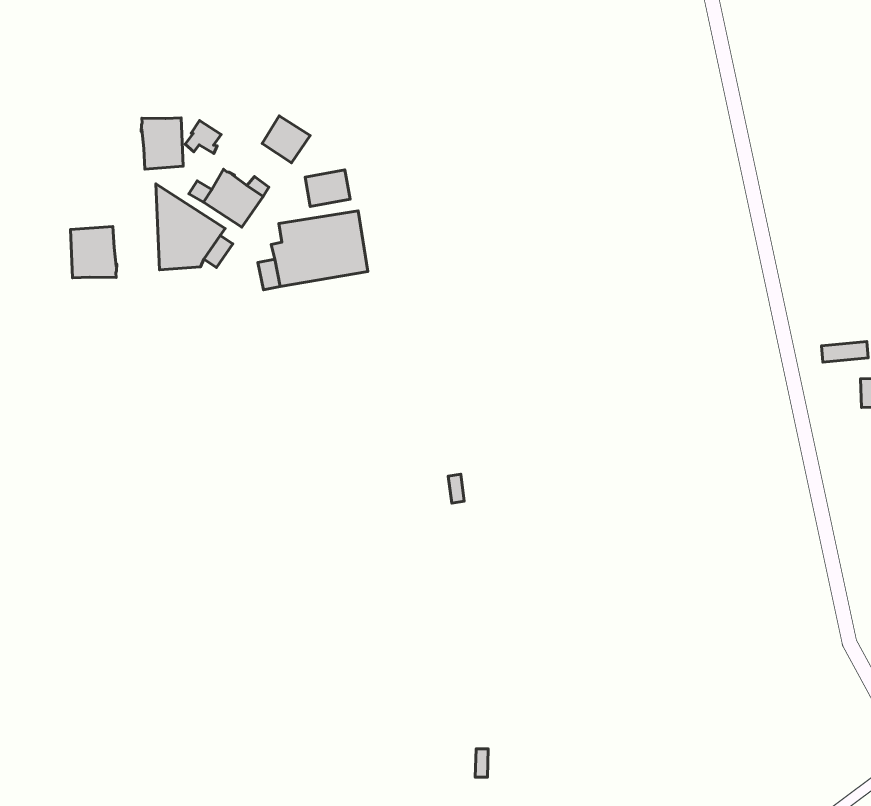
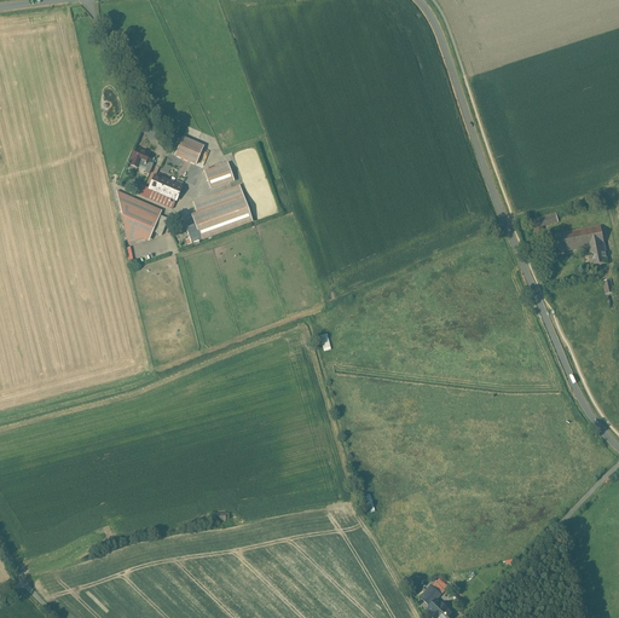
building: [141,118,183,169] -> none
building: [71,227,117,278] -> none

